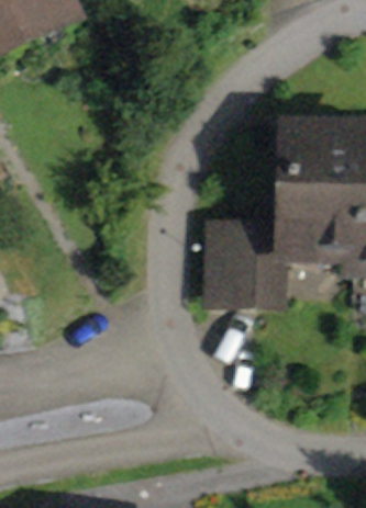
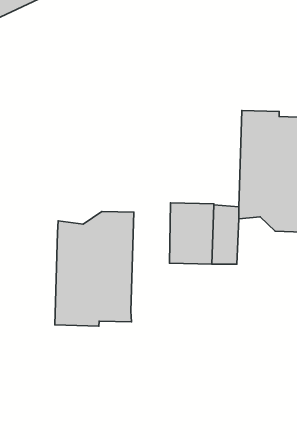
building: none -> [55,212,134,326]

